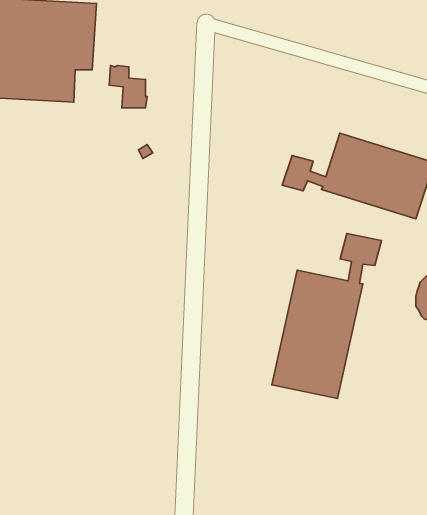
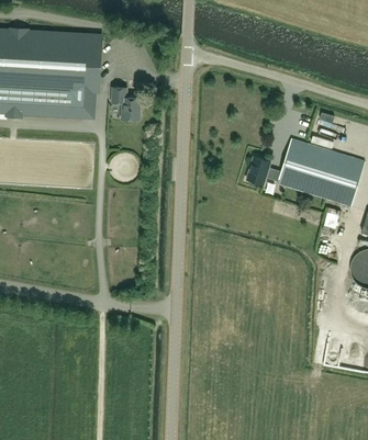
building: [272,234,382,398] -> none

